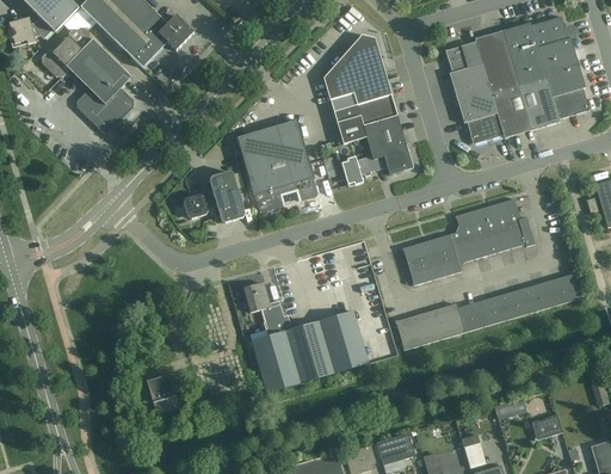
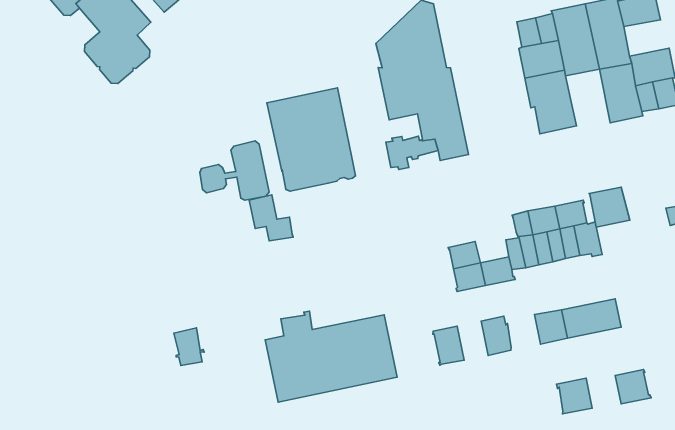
building: [537,37,578,72] -> none
building: [490,85,532,137] -> none
building: none -> [589,187,630,227]
building: [425,230,462,259] -> none
building: [549,273,581,304] -> [615,369,651,404]
building: [243,282,284,321] -> [249,195,293,241]
building: [456,300,488,332] -> [557,378,592,414]
building: [415,309,444,344] -> none
building: [149,376,177,410] -> [174,328,204,366]

